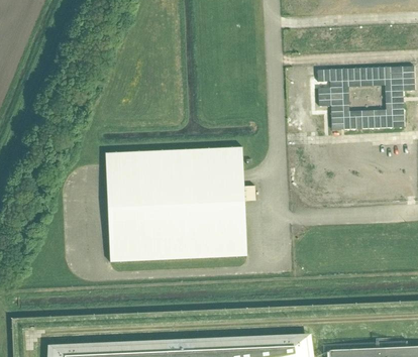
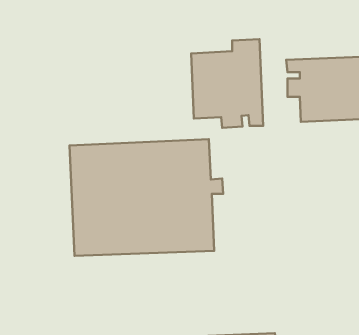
building: none -> [191,39,263,128]

